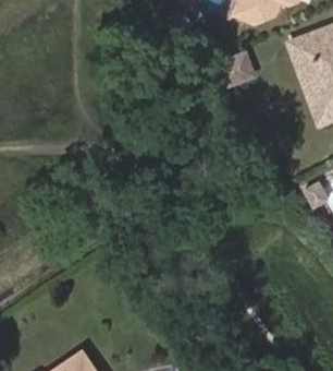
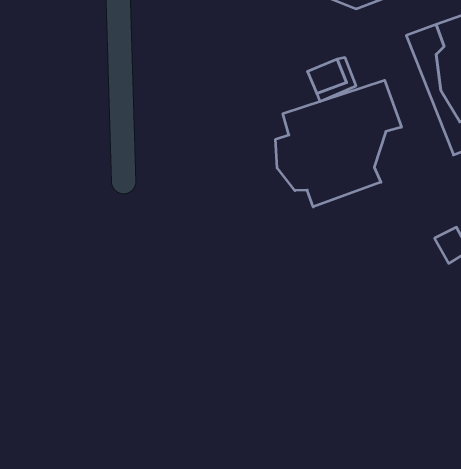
building: none -> [276,80,401,207]

